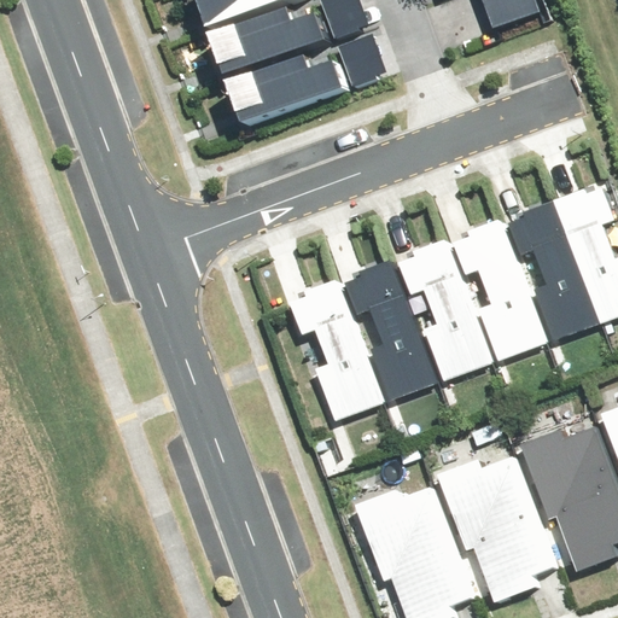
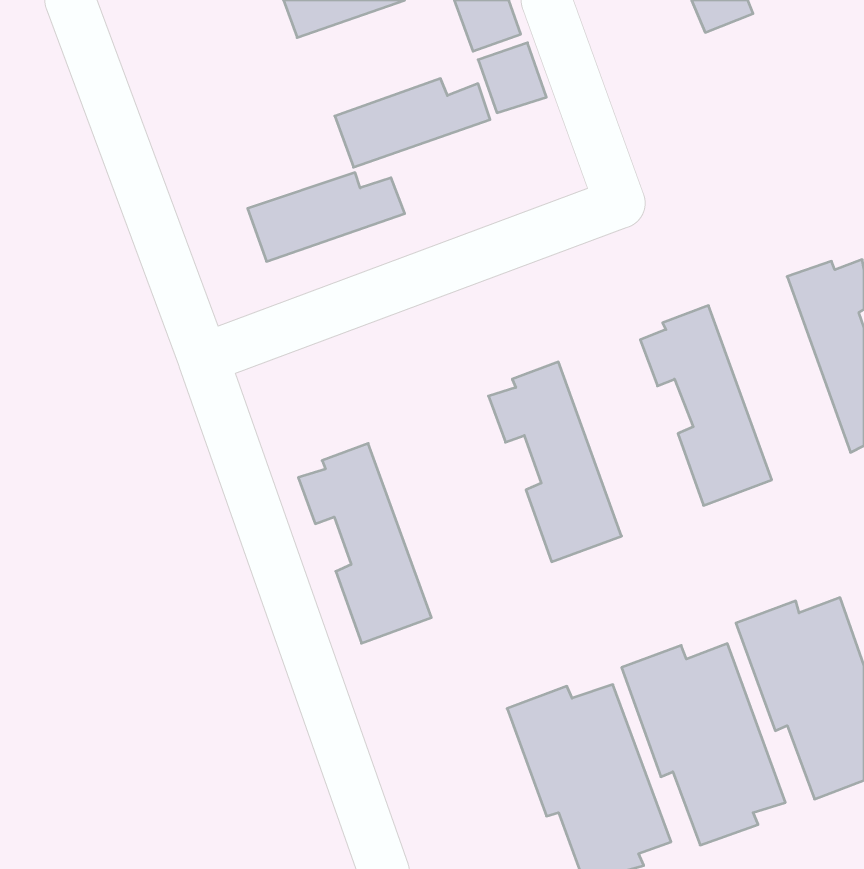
building: [218,14,330,77] -> [248,173,405,261]
building: [505,199,597,340] -> none
building: [398,239,492,380] -> none
building: [292,279,386,420] -> [298,443,431,643]

